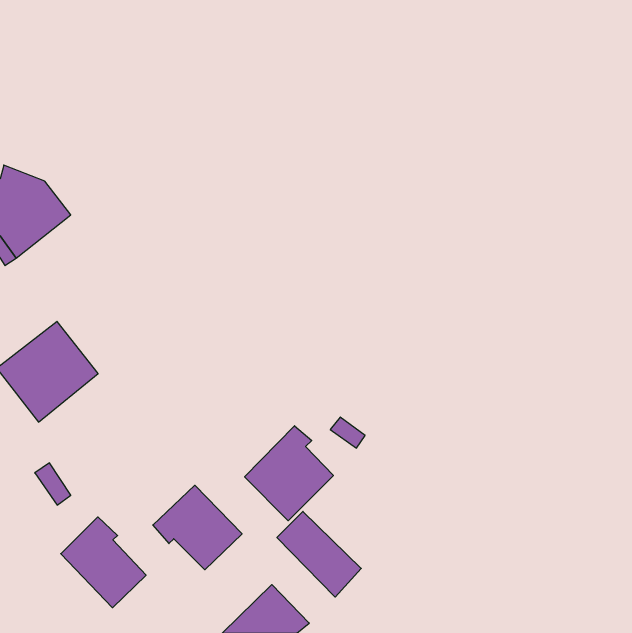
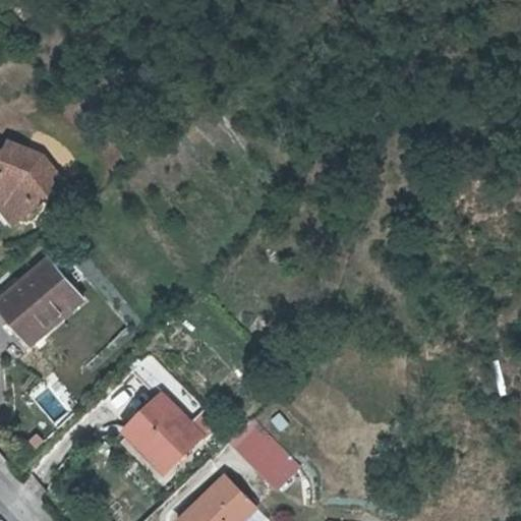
building: [245,426,333,521] -> none
building: [61,517,146,608] -> none

